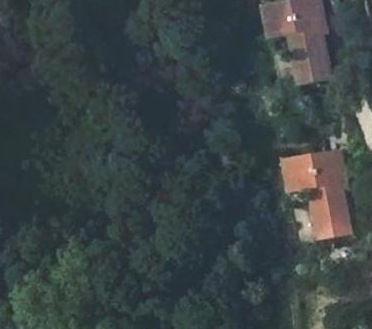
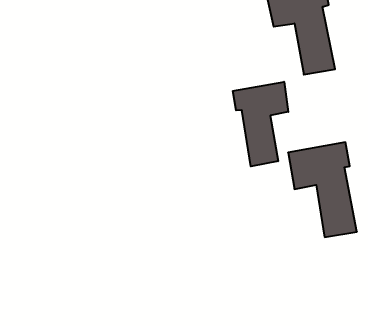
building: none -> [233,82,288,166]

